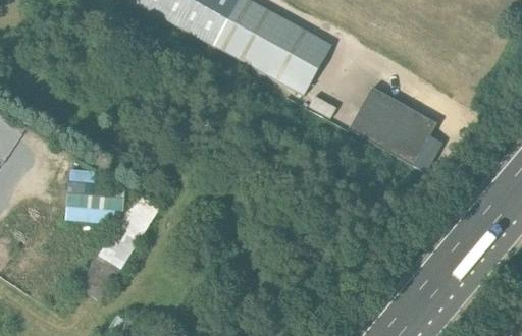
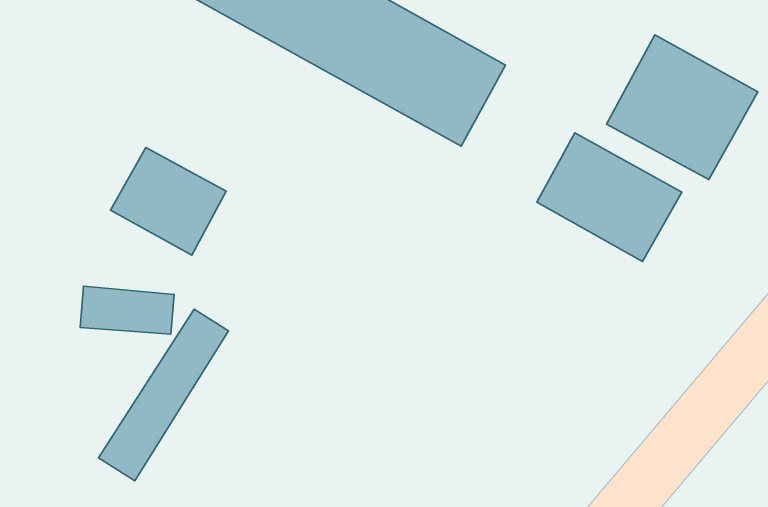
building: none -> [607,35,758,180]
building: none -> [111,147,226,255]

